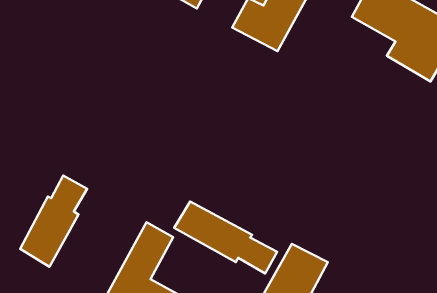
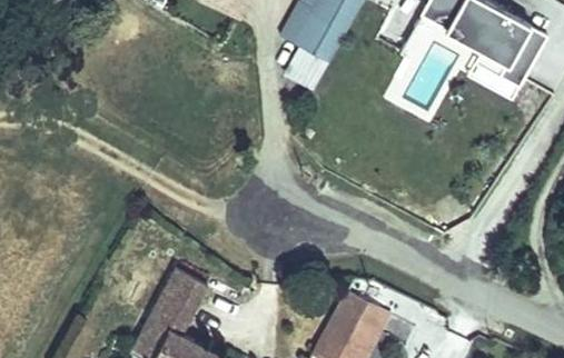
building: [20,175,87,267] -> none
building: [174,201,277,273] -> none

